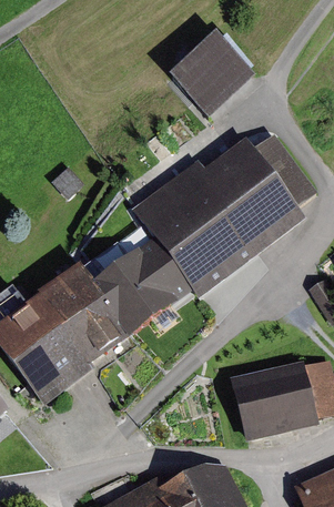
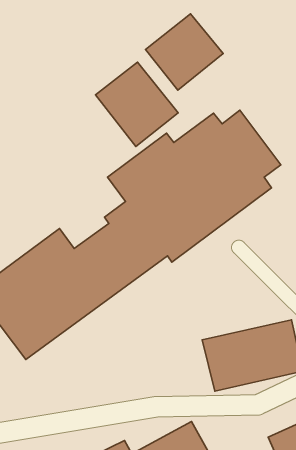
building: none -> [95,62,178,146]

